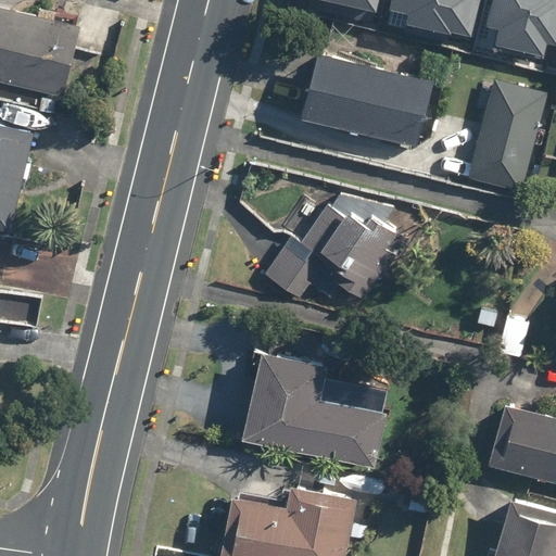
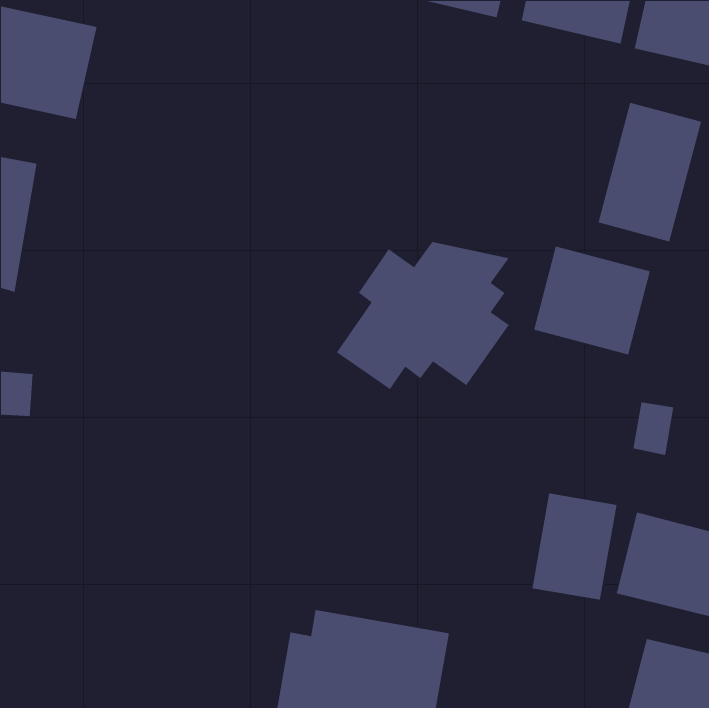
building: [299,52,431,149] -> none
building: none -> [533,246,651,355]
building: [239,353,388,468] -> none
building: none -> [532,492,618,601]

